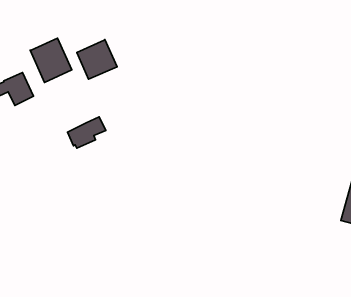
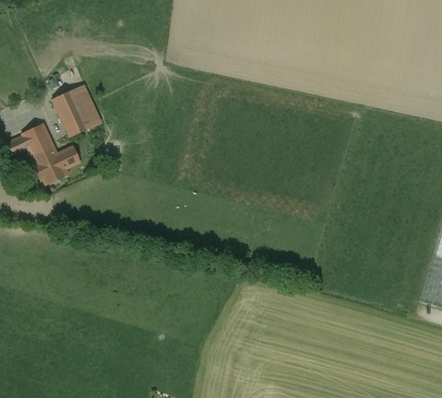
building: [77,40,117,79] -> none
building: [68,117,106,148] -> [34,146,80,183]

